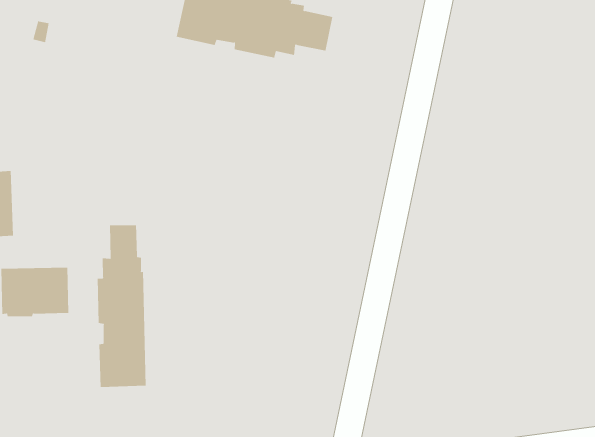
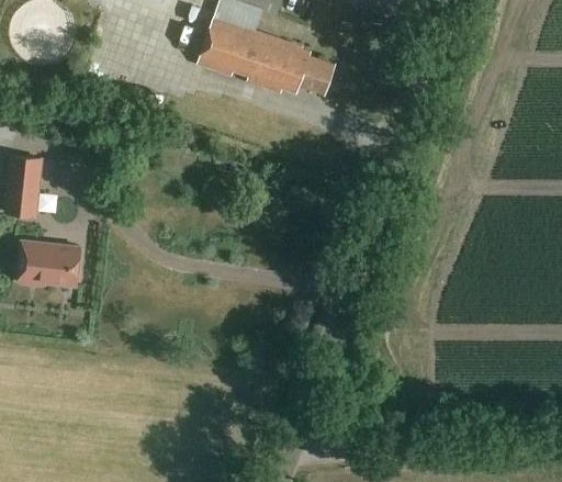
building: [97,224,146,388] -> none

